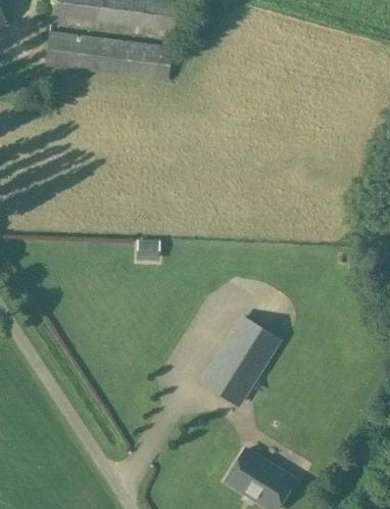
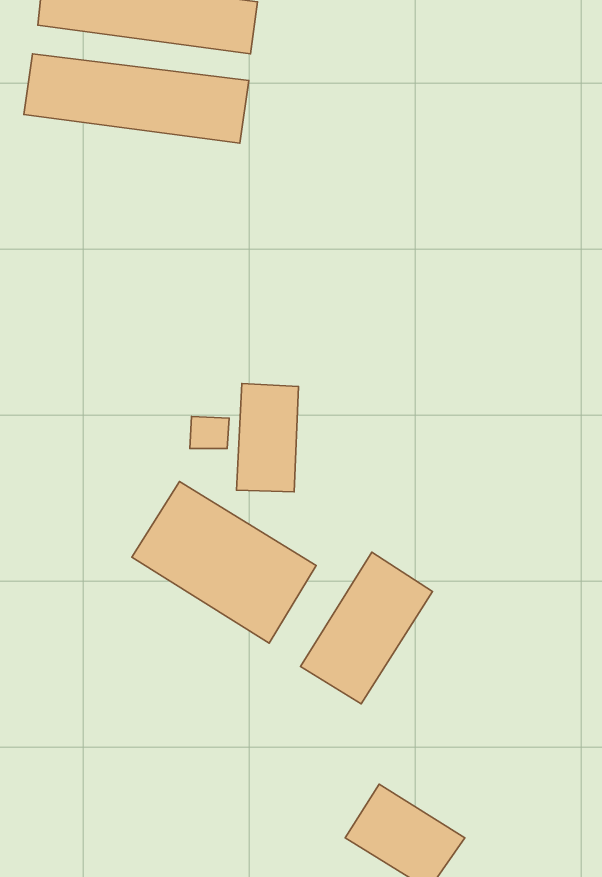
building: none -> [237,384,298,492]
building: none -> [132,482,316,643]

